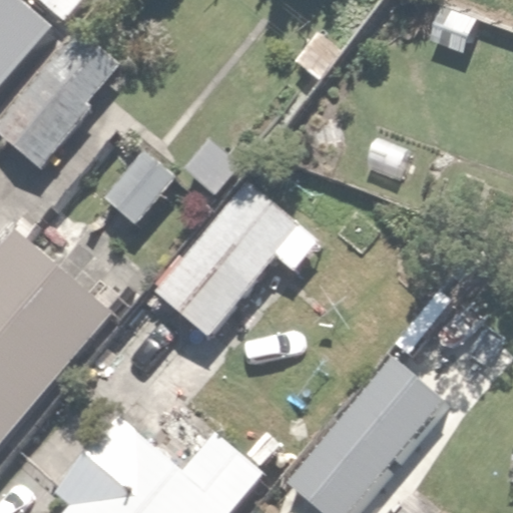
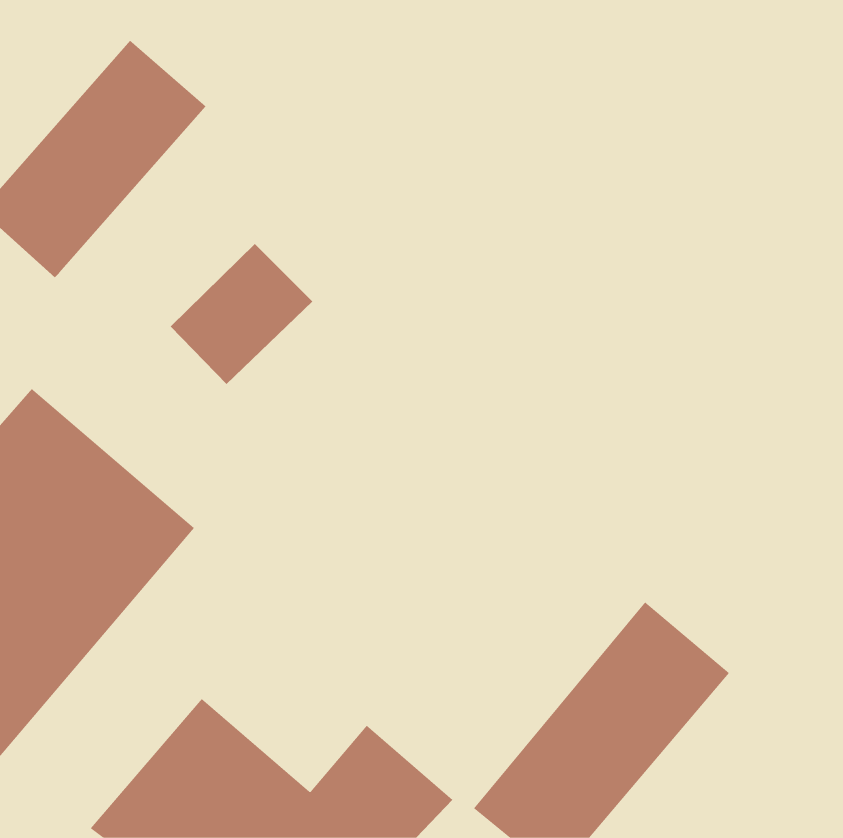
building: [154,217,265,334] -> none

